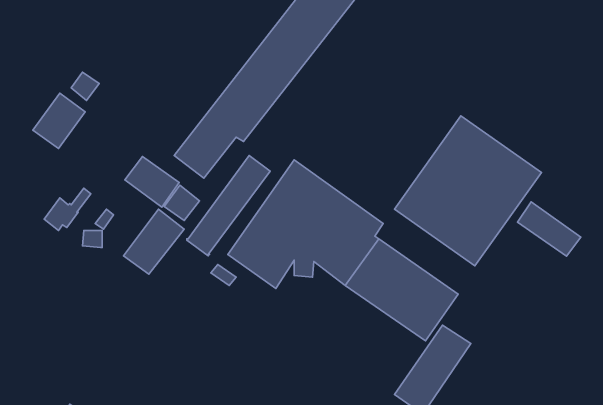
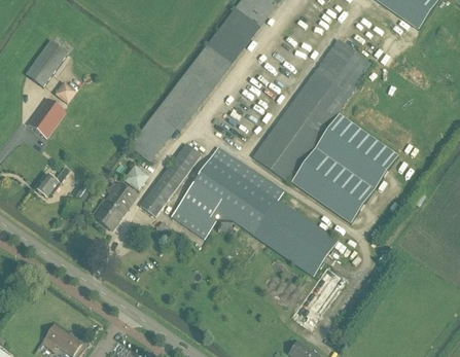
building: none -> [251,38,373,181]
building: none -> [26,40,67,85]
building: [125,157,179,207] -> none
building: [517,202,581,256] -> none

